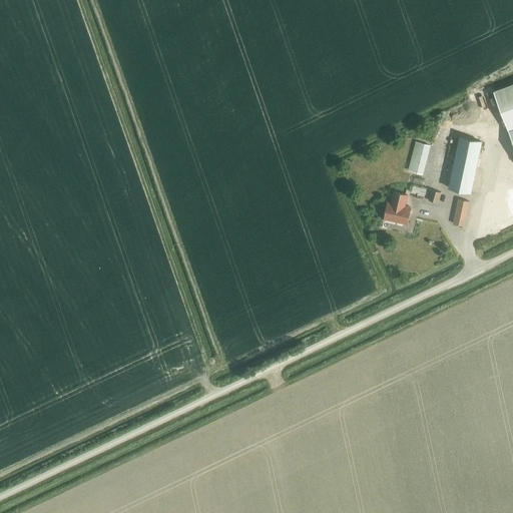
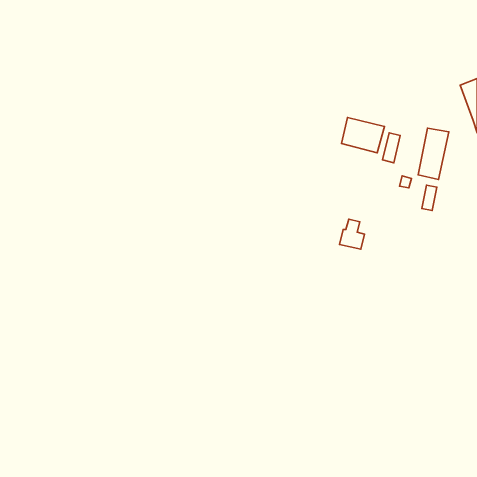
building: none -> [342,118,384,153]
building: [383,192,410,224] -> [339,219,365,249]

